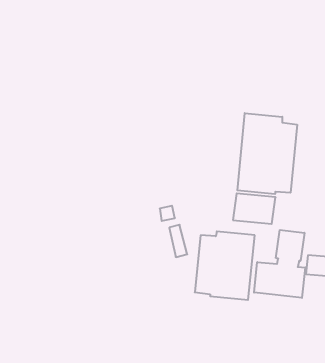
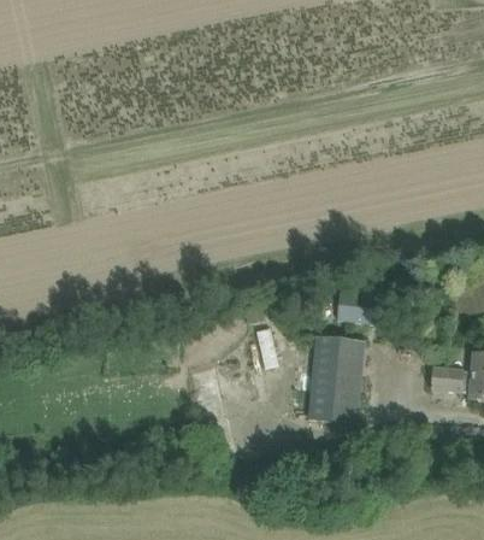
building: [237,113,297,194] -> none
building: [254,230,305,298] -> none

